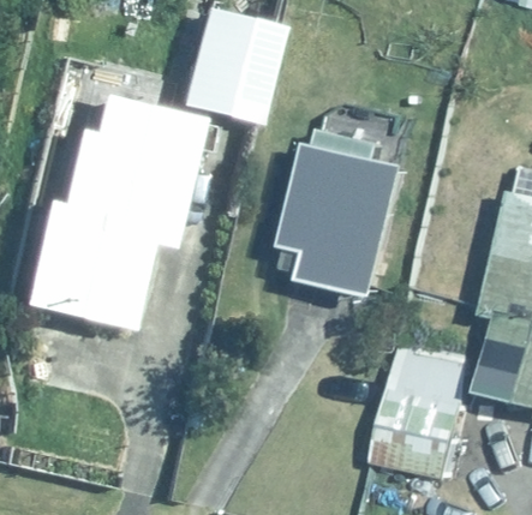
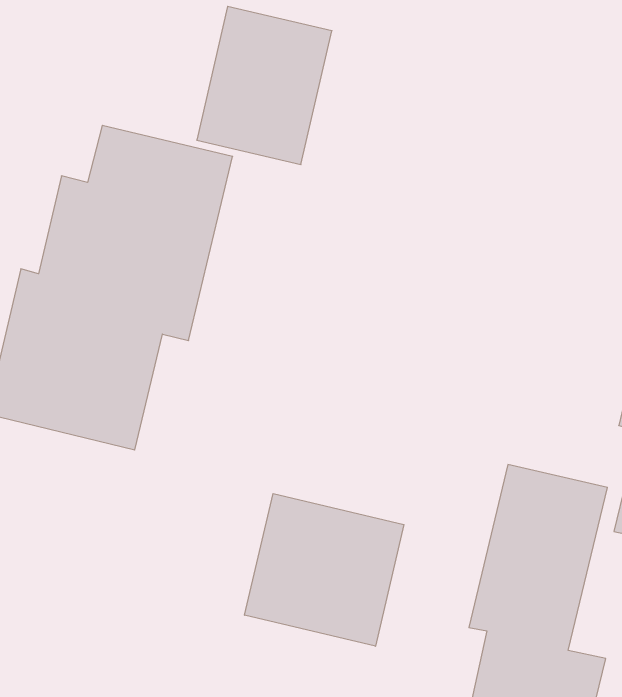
building: [280,126,404,295] -> none
building: none -> [245,494,404,646]

